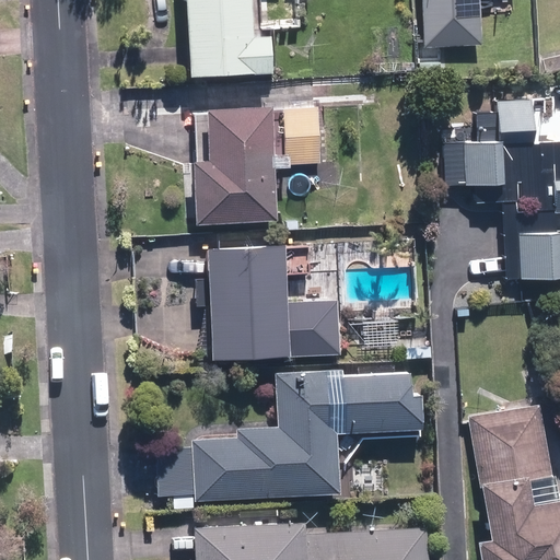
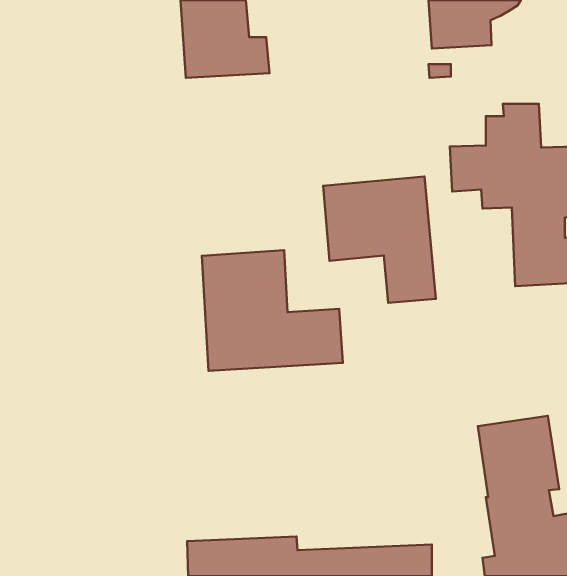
building: [192,105,323,224] -> none
building: none -> [323,177,436,303]
building: [159,370,422,509] -> none

